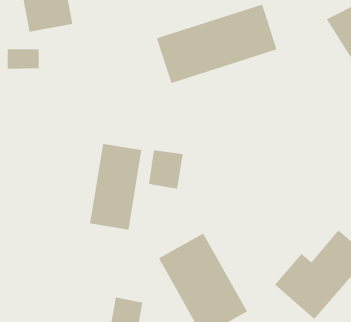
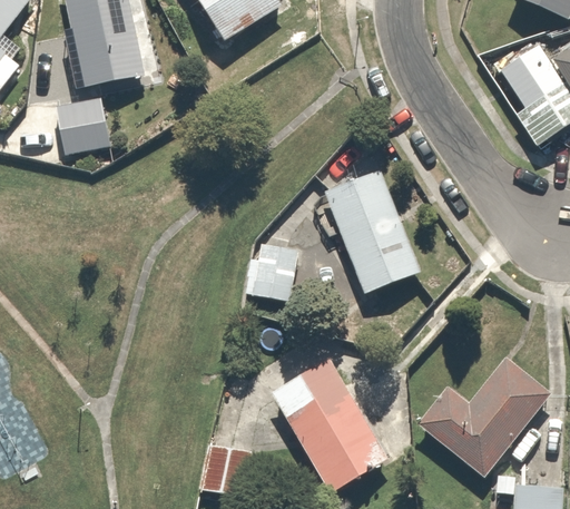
building: [156,4,277,84] -> none
building: none -> [328,172,421,294]
building: [89,143,142,230] -> none

